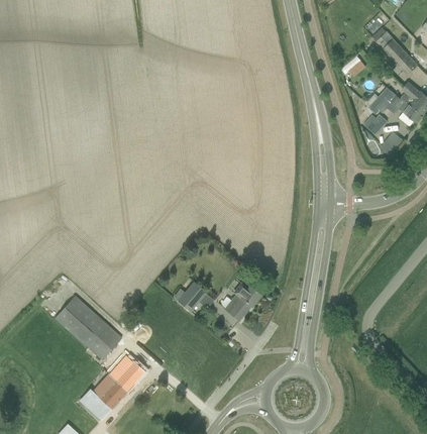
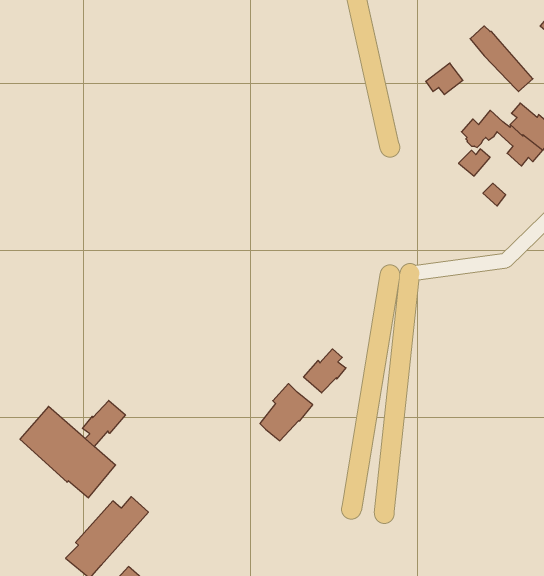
building: none -> [304,349,346,393]
building: [174,282,206,311] -> none
building: none -> [82,400,125,446]

